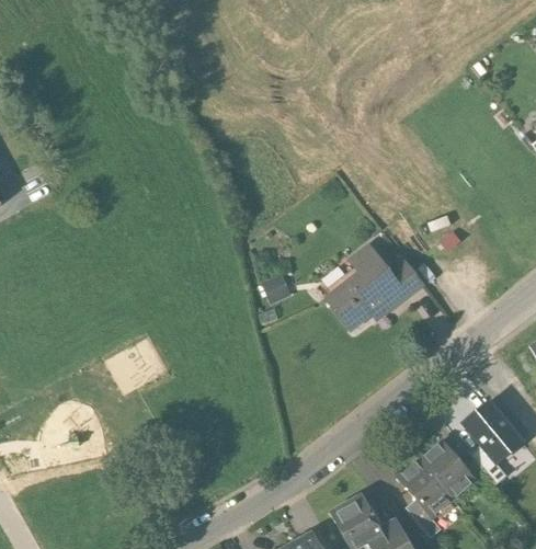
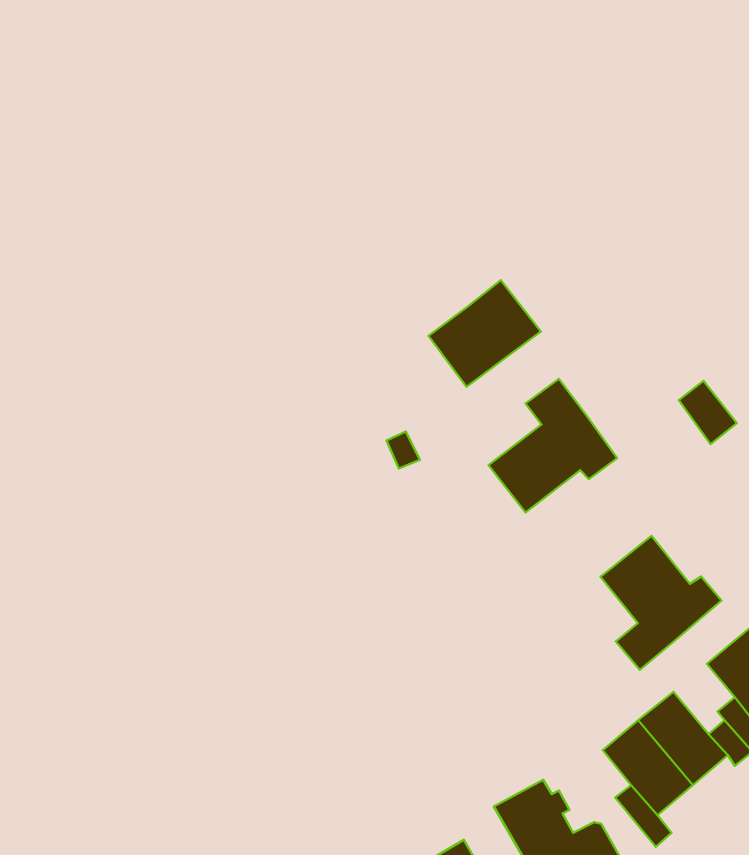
building: none -> [428,280,541,387]
building: [388,254,424,294] -> [679,381,737,444]
building: none -> [600,536,721,670]

